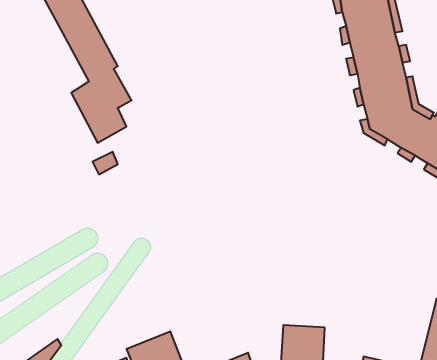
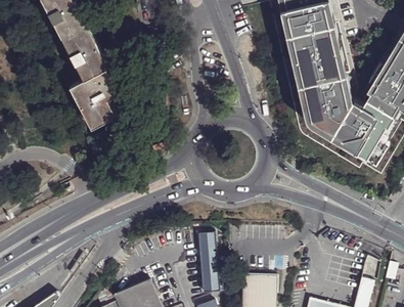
building: none -> [197,232,218,292]

